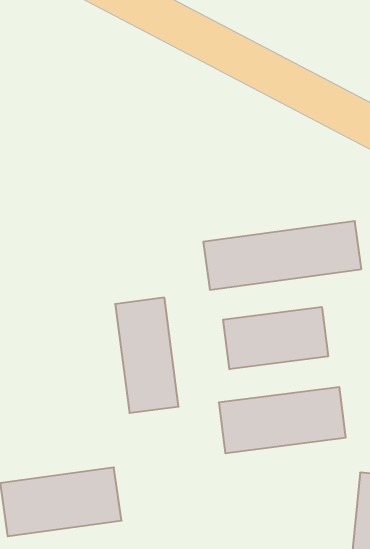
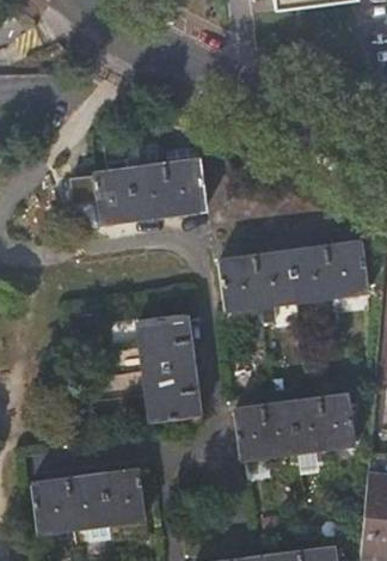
building: none -> [82,161,215,230]
building: [223,307,328,369] -> none

